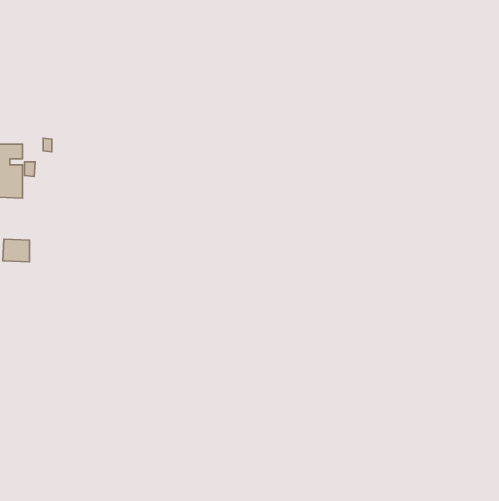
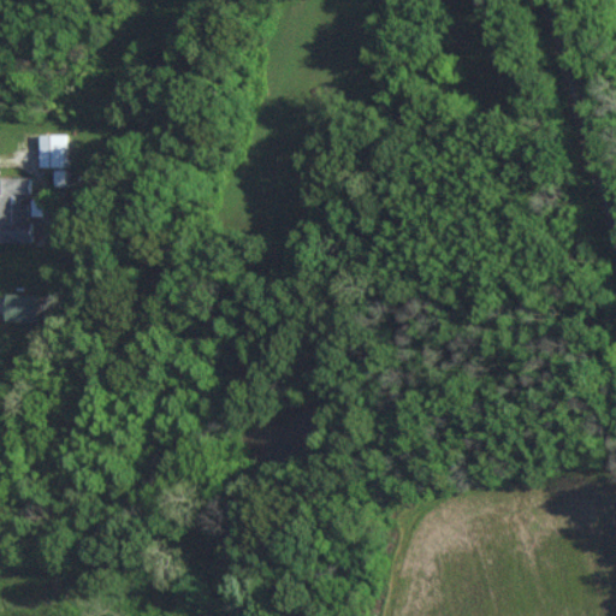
building: none -> [38,135,64,167]

